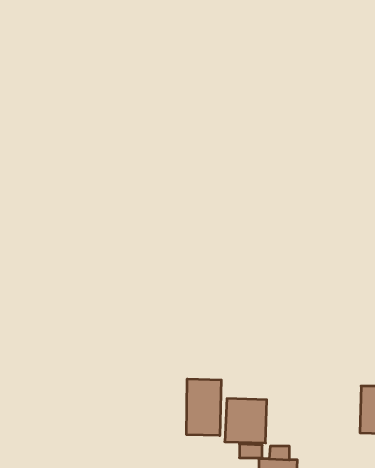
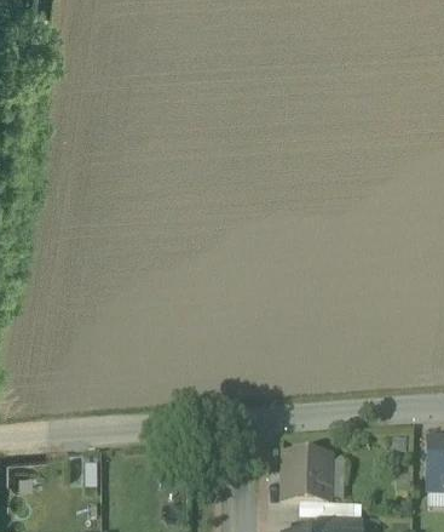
building: [187,379,221,436] -> none

